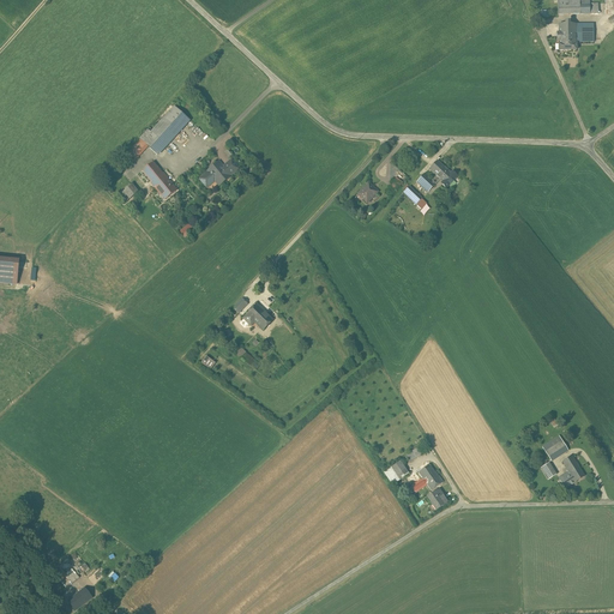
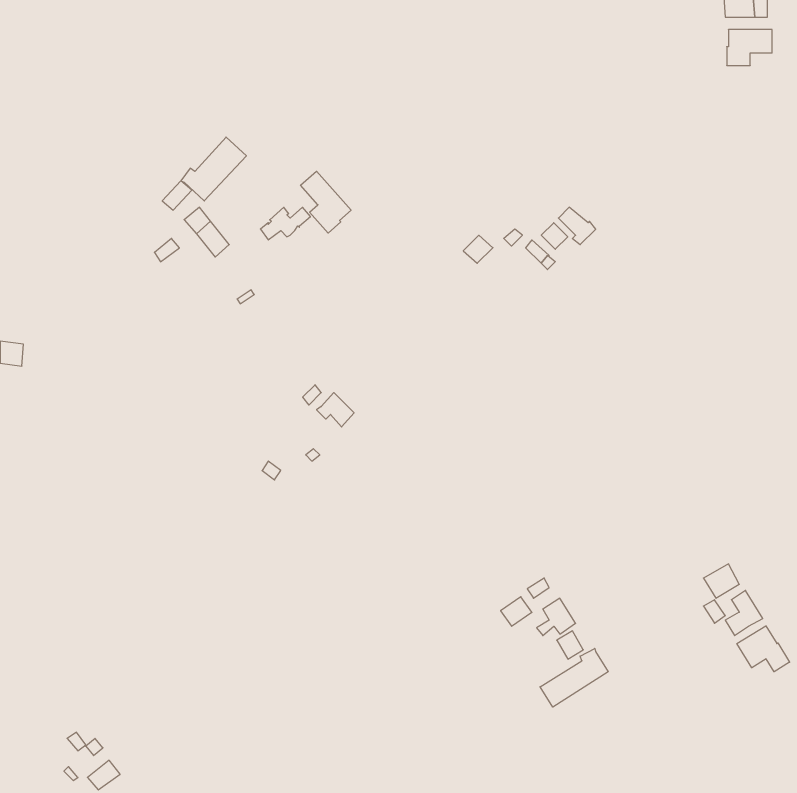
building: none -> [301,171,351,233]
building: none -> [737,626,790,672]
building: none -> [540,648,608,707]

